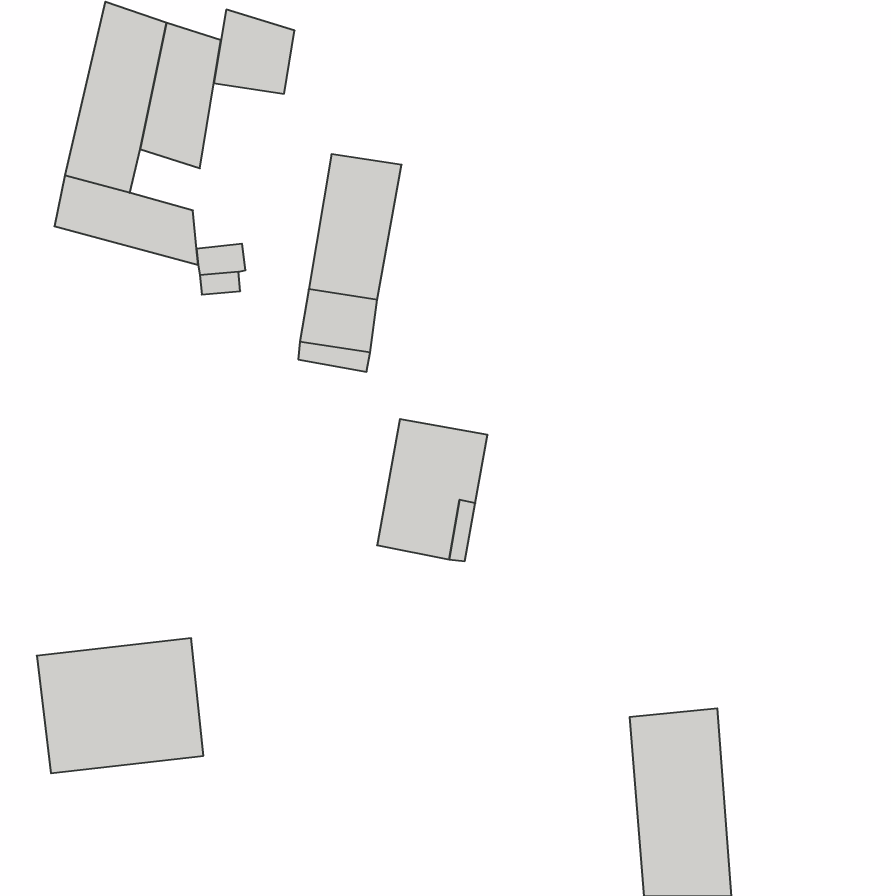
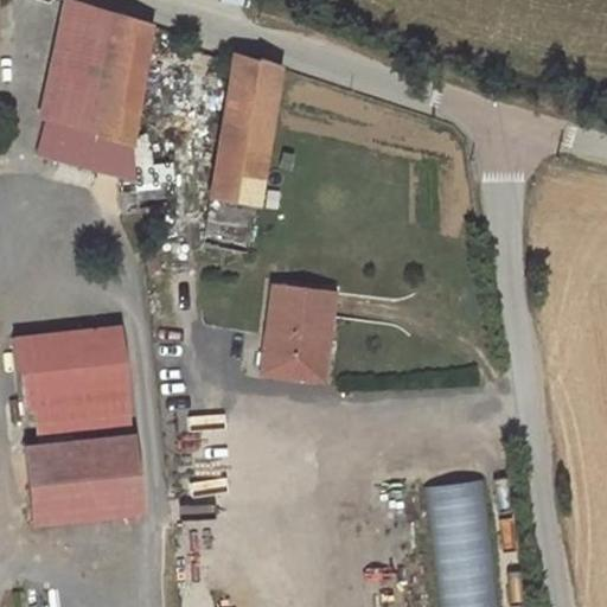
building: [214,10,295,94] -> [228,55,282,111]
building: none -> [91,101,139,142]
building: none -> [17,326,133,443]

